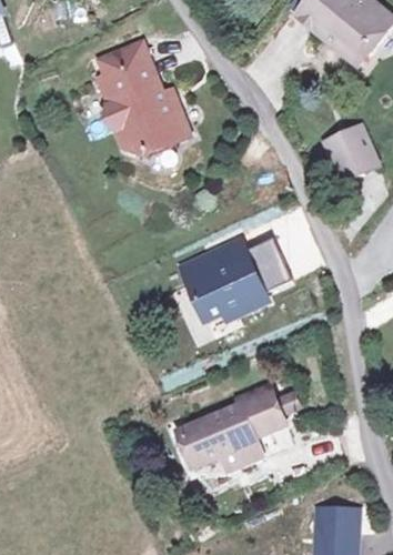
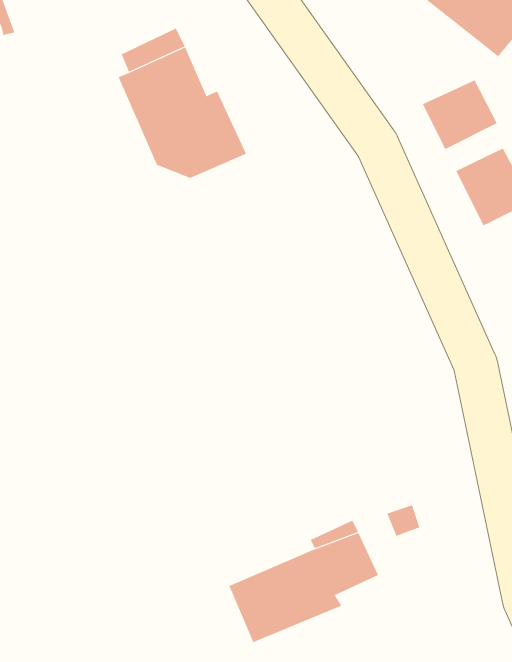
building: none -> [422,80,497,150]
building: [179,231,300,326] -> none

